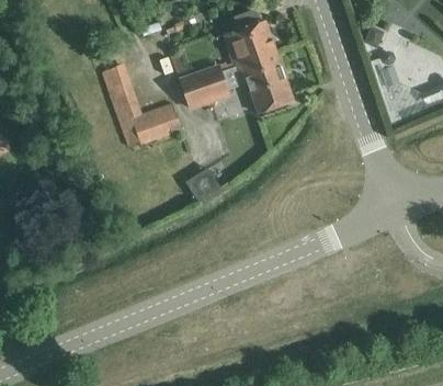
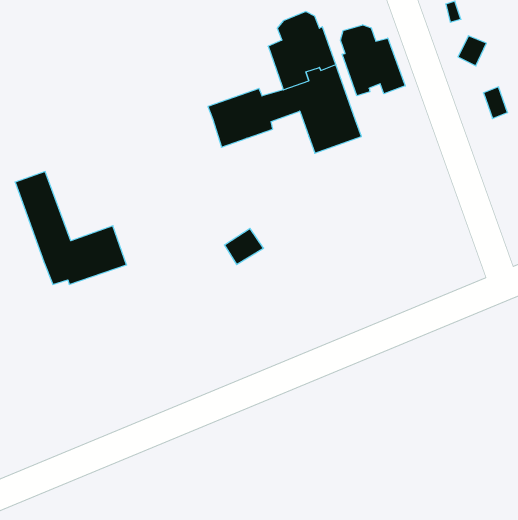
building: none -> [340,25,405,96]
building: [101,63,182,145] -> [15,172,127,284]

